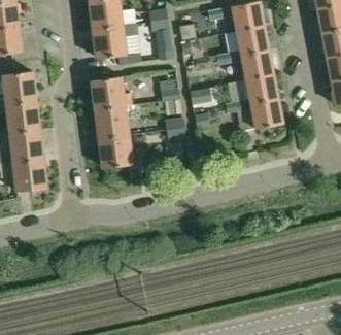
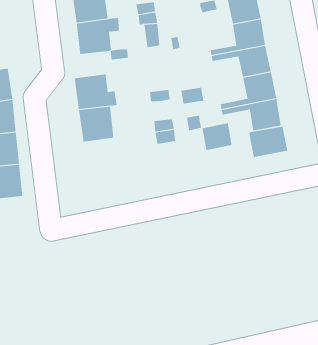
building: none -> [202,122,232,151]
building: none -> [248,126,288,158]
building: [100,135,133,168] -> none

